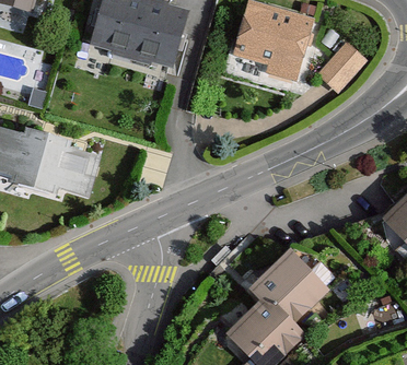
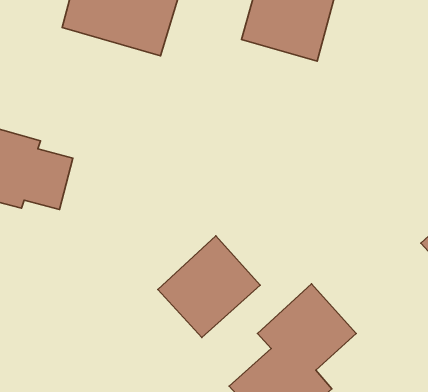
building: [318,40,364,89] -> none
building: none -> [158,236,260,338]

